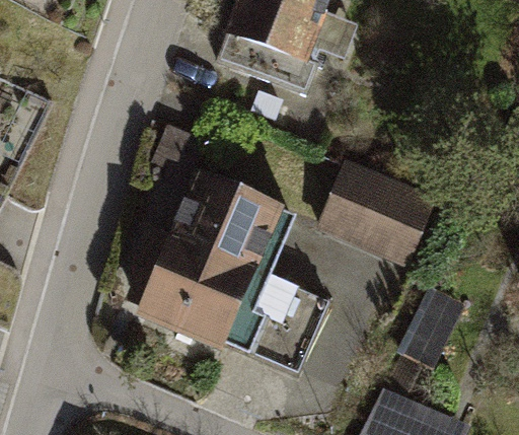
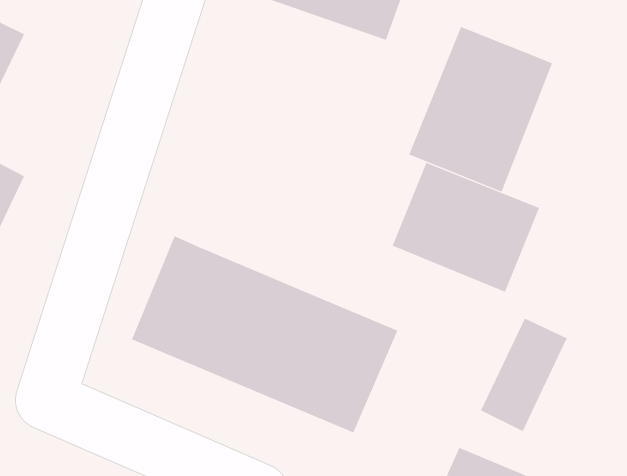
building: none -> [409,26,553,193]
building: [165,168,293,273] -> none

